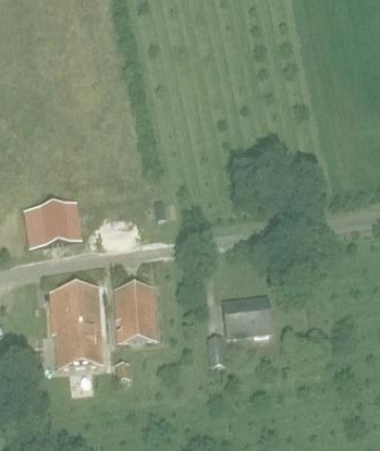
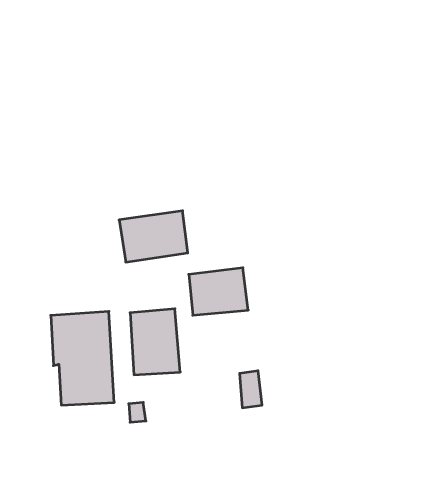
building: [24,200,81,243] -> [119,211,188,262]
building: [221,296,270,336] -> [189,268,248,315]

